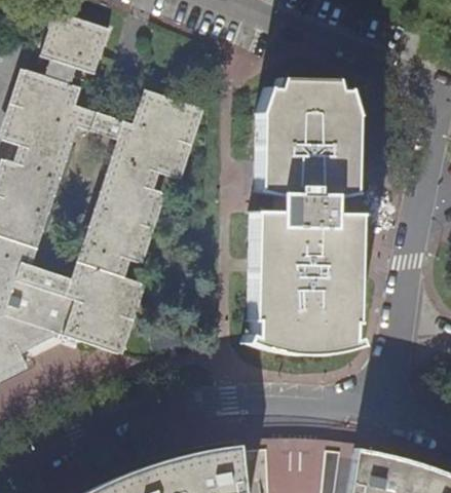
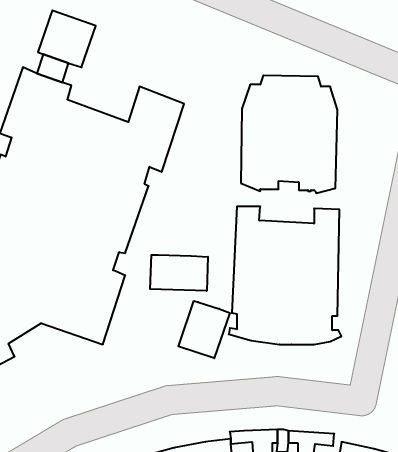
building: [273,188,329,231] -> none
building: none -> [150,255,208,291]
building: none -> [178,301,230,358]

